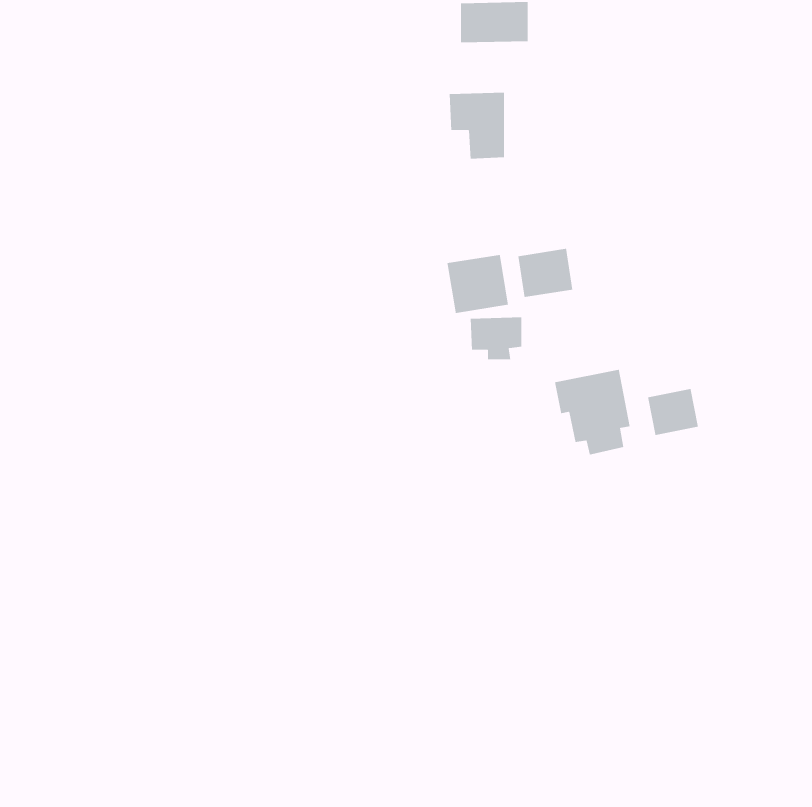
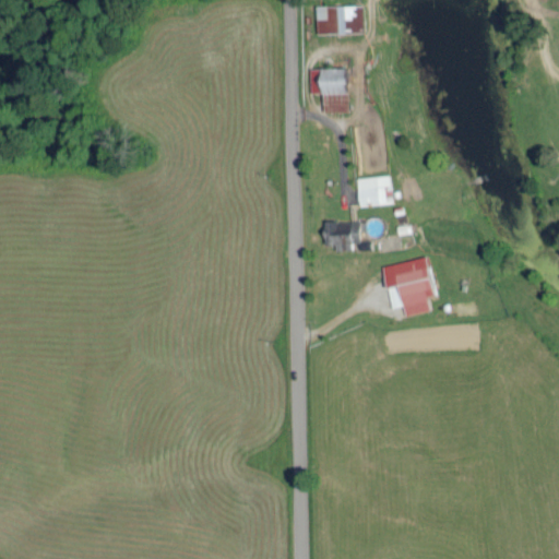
building: [447,254,509,314] -> none
building: [648,388,698,436] -> none

